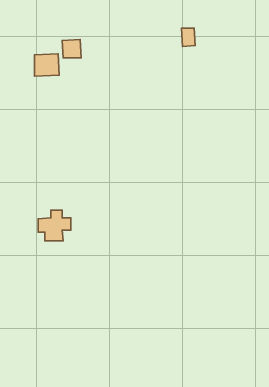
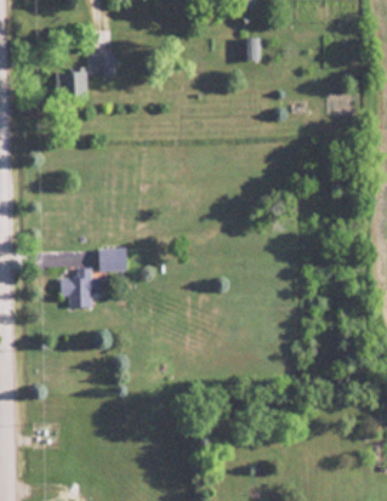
building: none -> [98,249,126,272]

